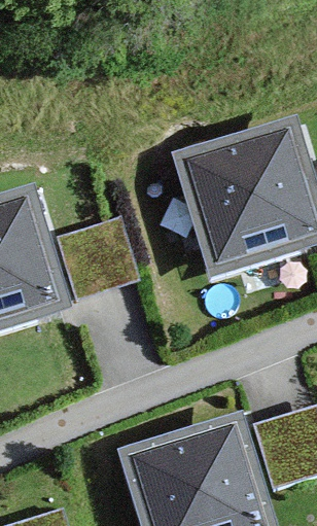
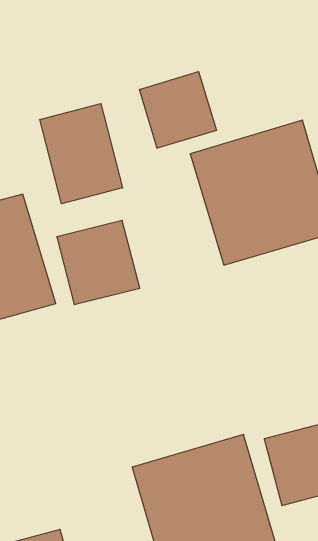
building: none -> [139,72,216,148]
building: none -> [40,104,123,204]

